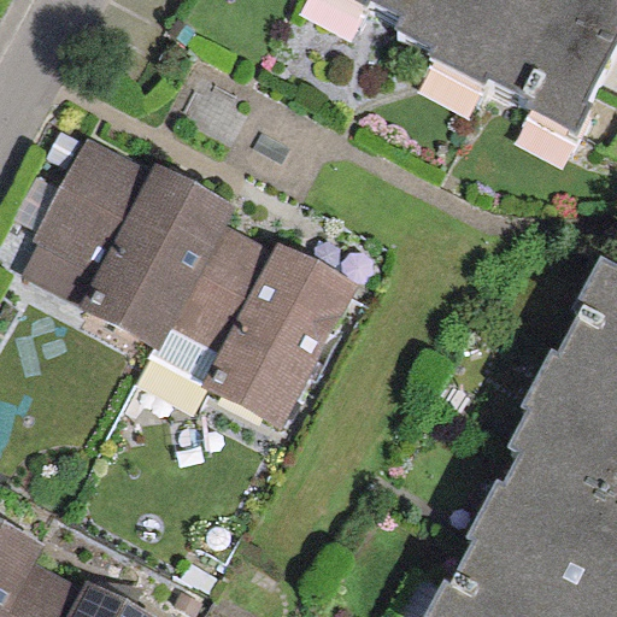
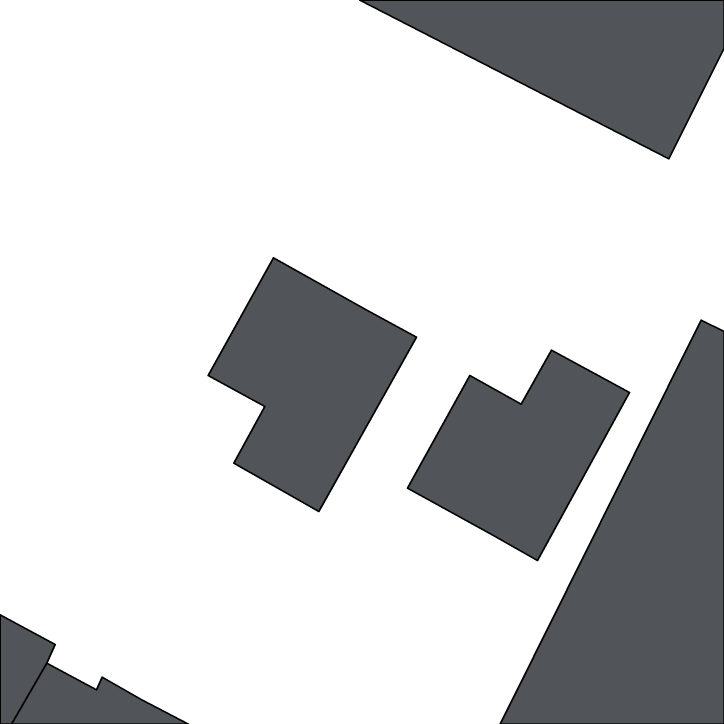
building: [37,140,233,358] -> none
building: none -> [407,350,630,560]

